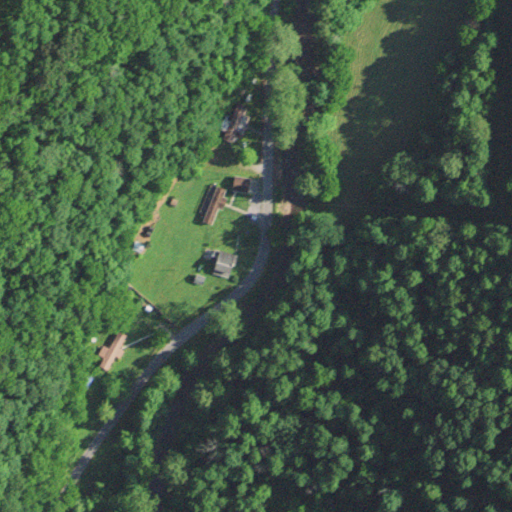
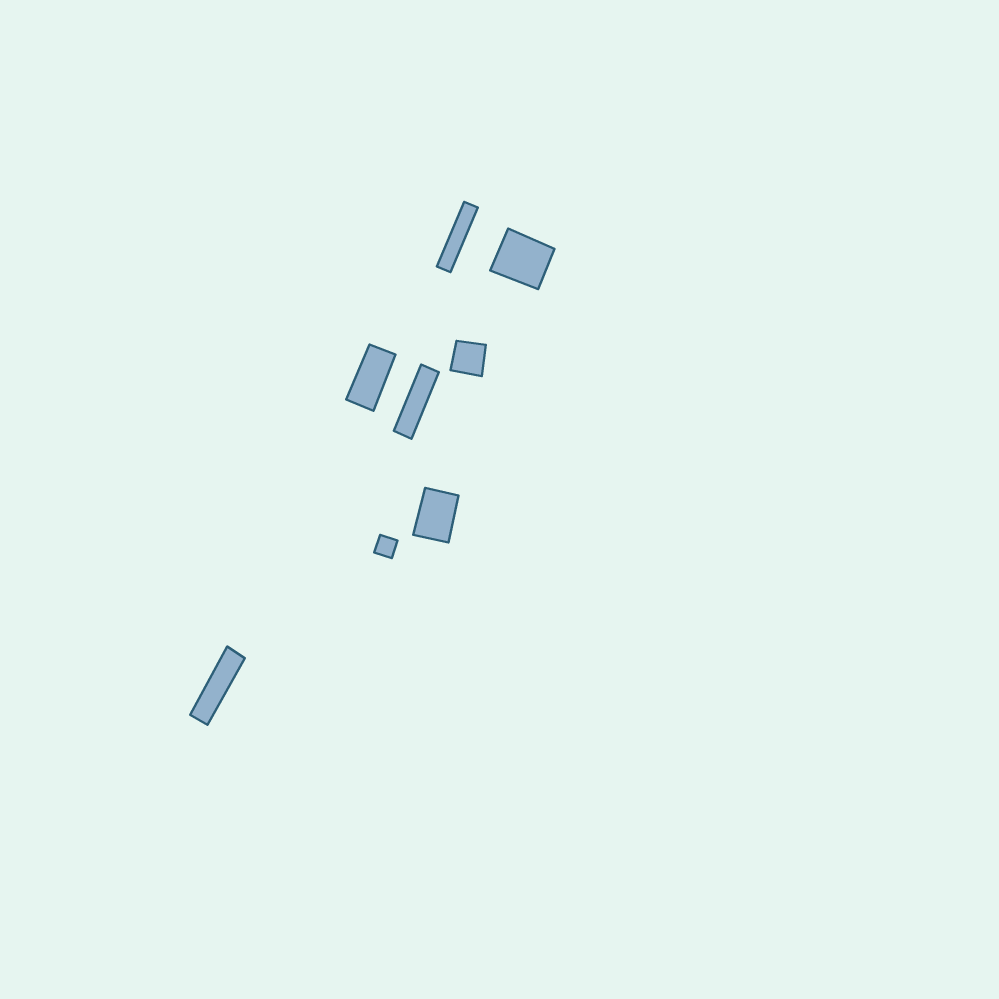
building: none -> [490,228,555,289]
building: none -> [346,345,395,411]

